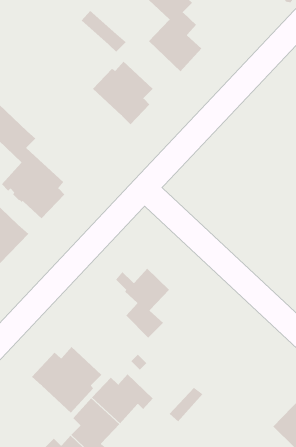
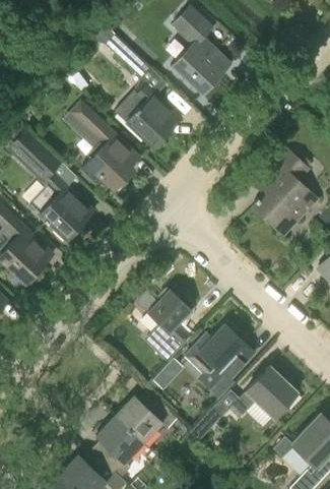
building: none -> [71,103,140,190]
building: none -> [254,150,308,236]
building: none -> [190,324,255,396]
building: [31,346,102,414] -> none
building: none -> [234,366,298,417]

